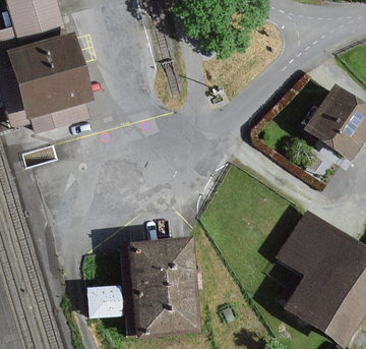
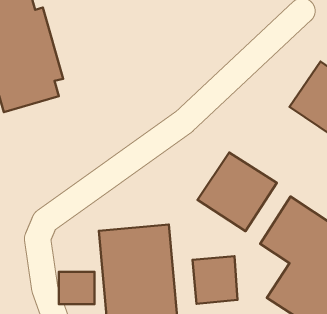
building: none -> [197,152,277,231]
building: none -> [192,256,238,304]

